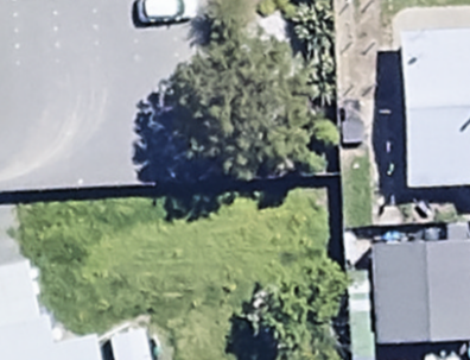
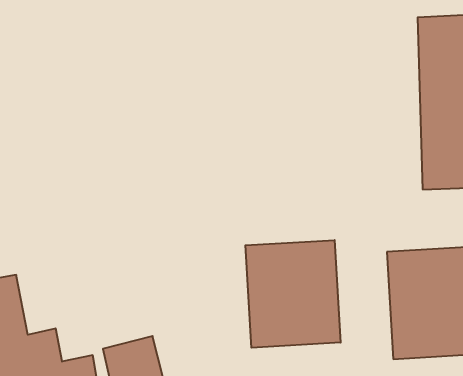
building: none -> [245,240,341,348]

